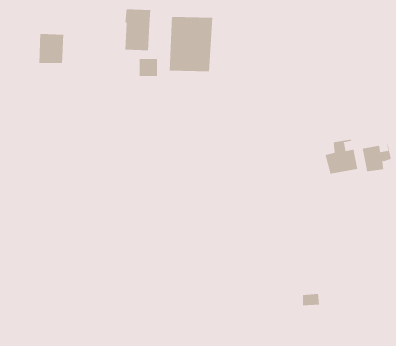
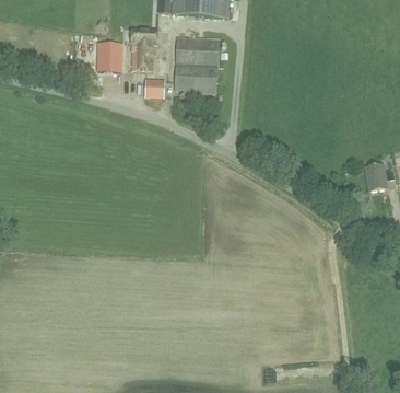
building: [39,34,64,63] -> [97,41,122,70]
building: [325,139,358,174] -> none

